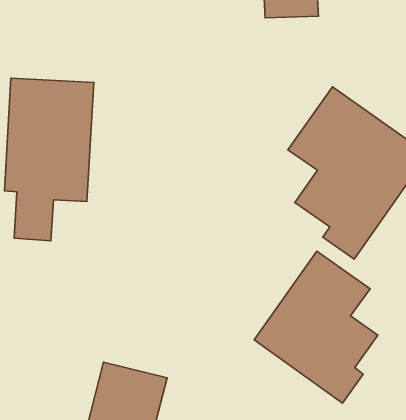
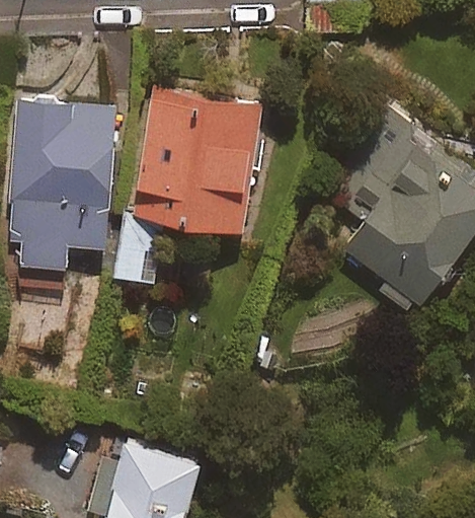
building: none -> [113,89,259,289]
building: [254,251,378,403] -> none

